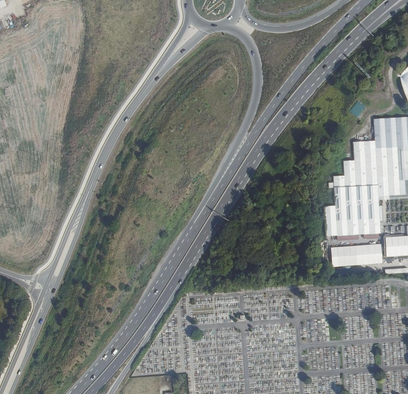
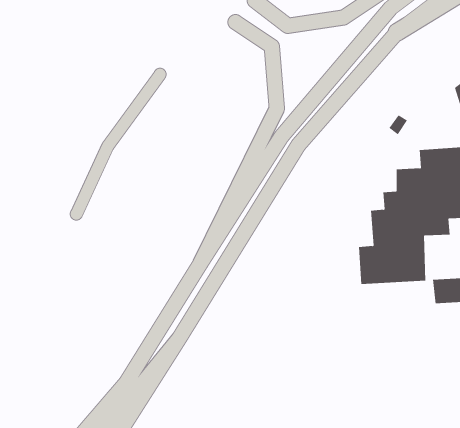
building: [330,241,381,264] -> none

